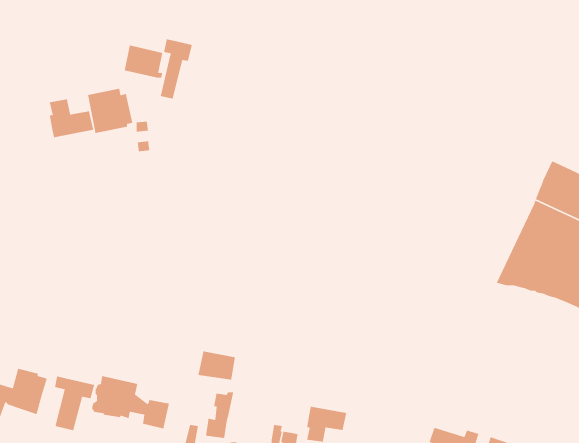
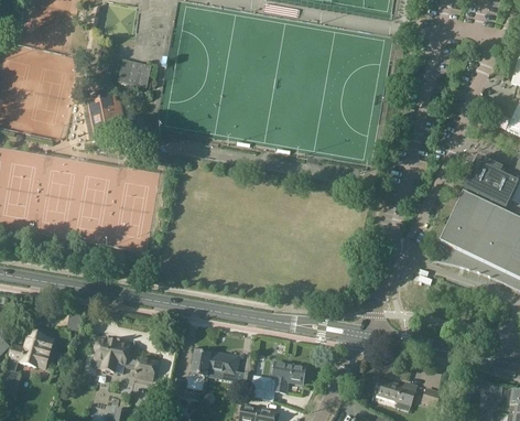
building: [160,38,193,100] -> none
building: [49,99,94,138] -> none
building: [198,350,236,381] -> [207,349,239,375]
building: [54,376,95,431] -> none

